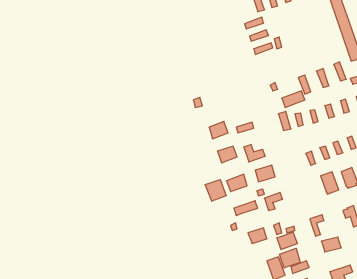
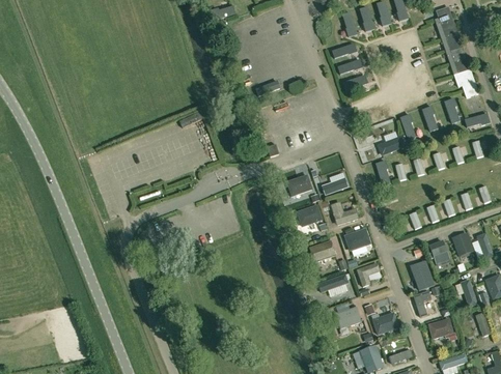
building: [205,180,226,201] -> none
building: none -> [411,260,435,290]
building: [279,248,300,268] -> none

